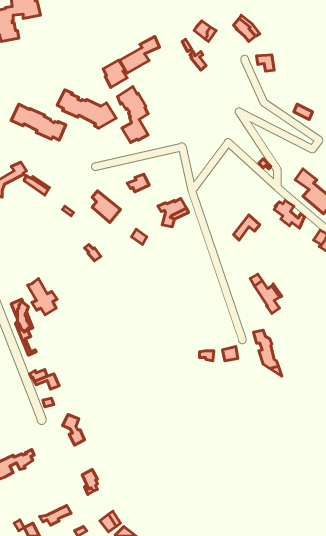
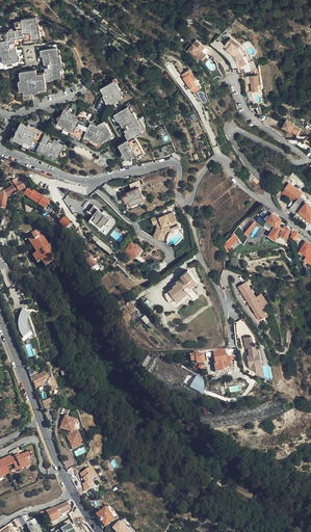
building: none -> [18,46,61,94]
building: [120,37,159,73] -> none
building: none -> [165,269,198,302]
building: [28,278,57,315] -> [28,233,56,267]

